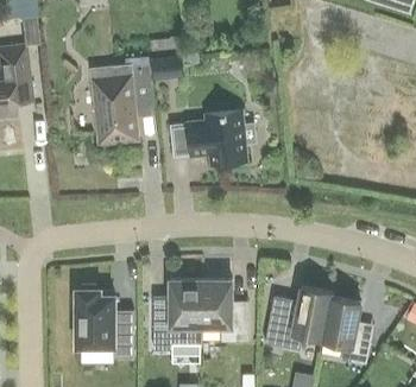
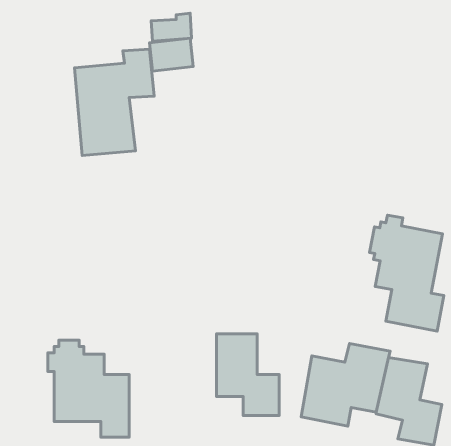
building: [170,112,254,165] -> none
building: none -> [370,215,444,331]
building: [153,280,201,351] -> none

